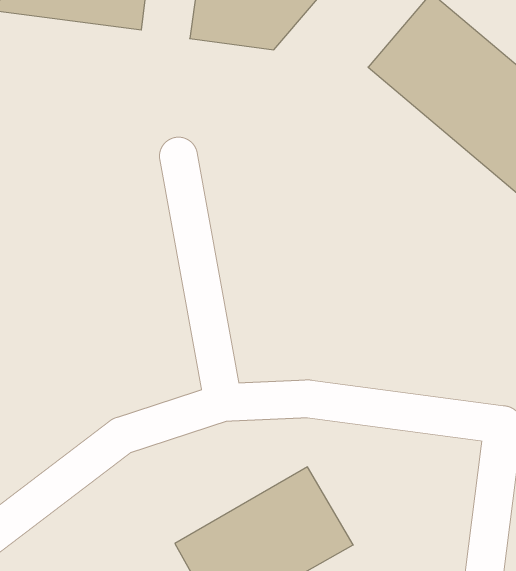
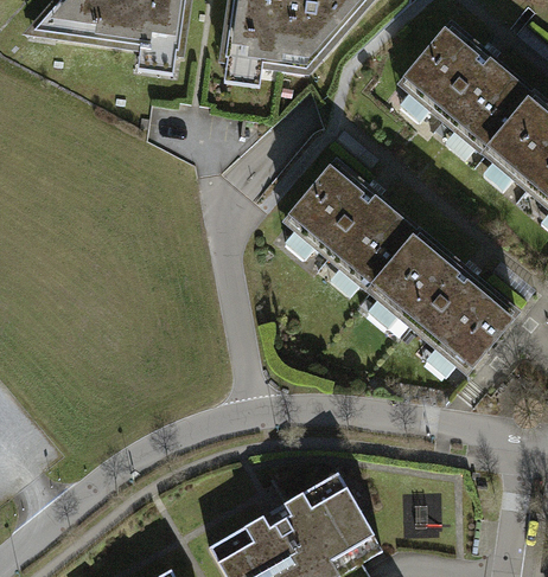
building: none -> [281,159,516,376]

